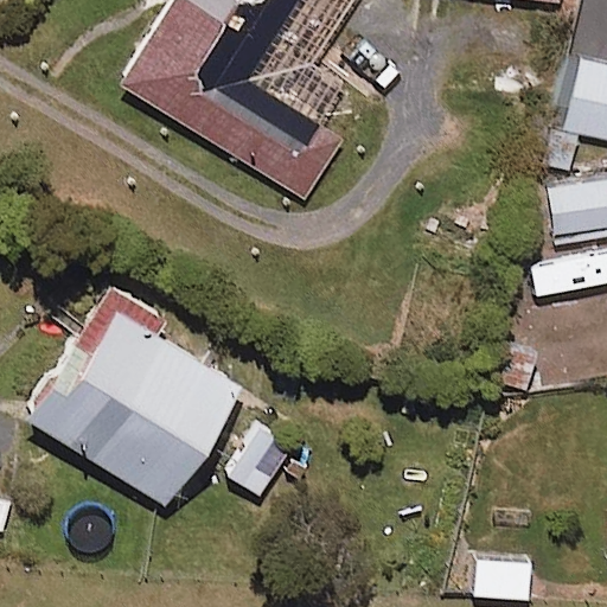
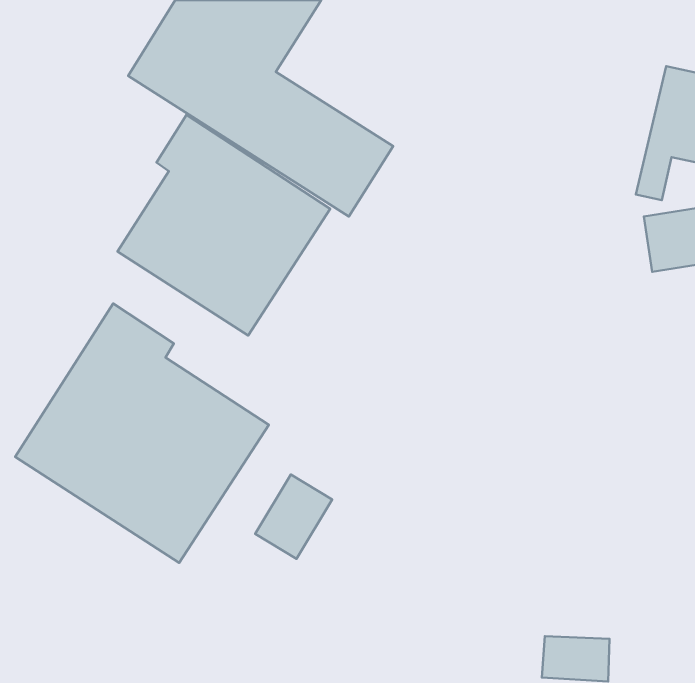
building: none -> [118,115,330,336]

